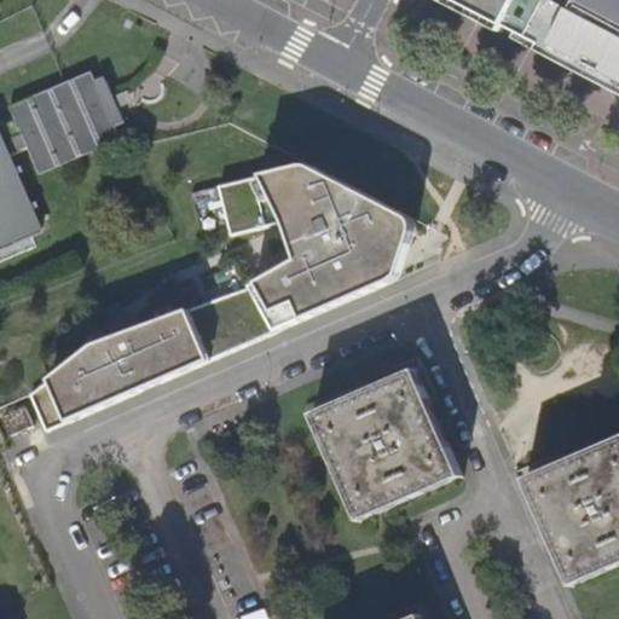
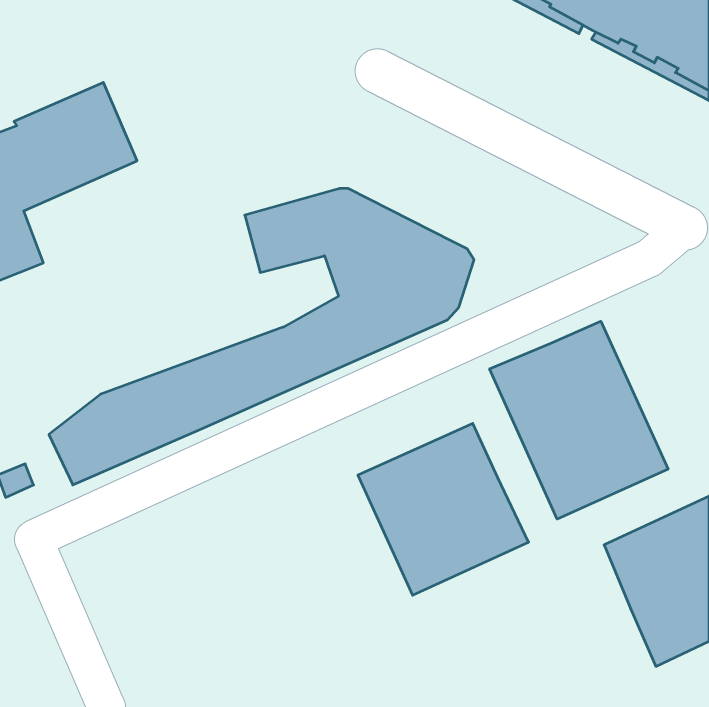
building: none -> [490,321,668,519]

